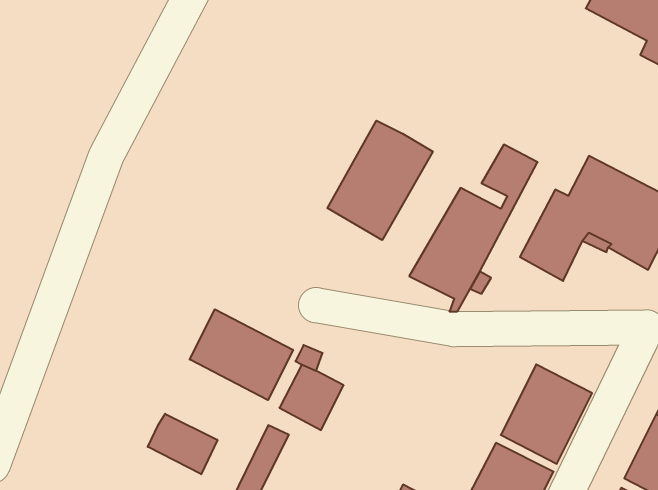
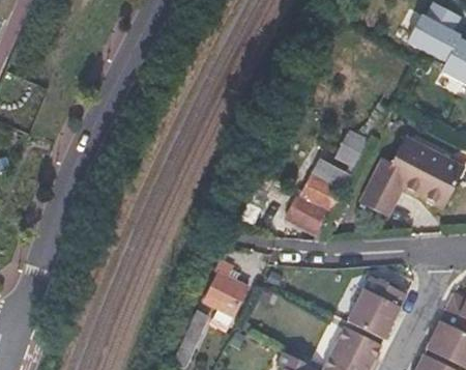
building: [327,121,433,240] -> none
building: [190,309,293,400] -> none
building: [148,414,217,474] -> none

